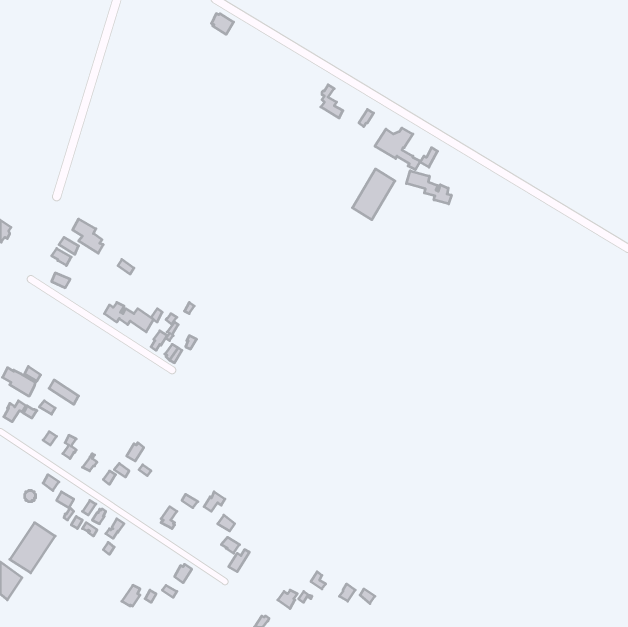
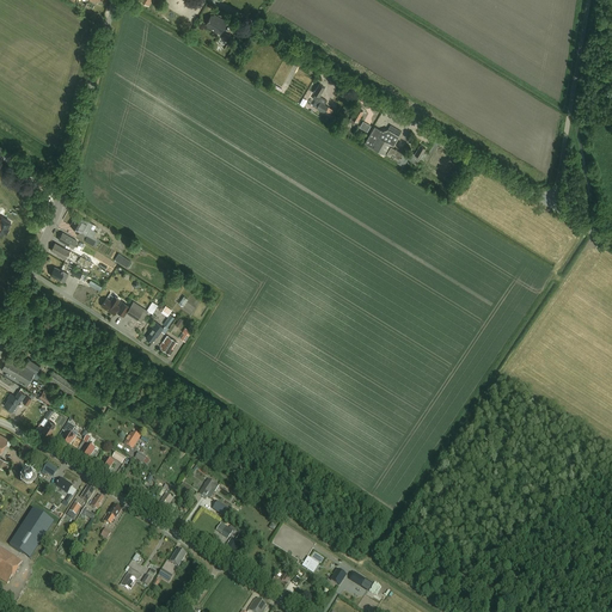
building: [352,169,395,220] -> none
building: [406,171,451,204] -> none

